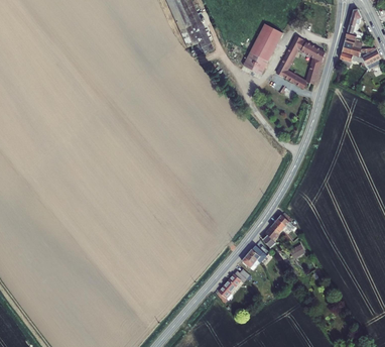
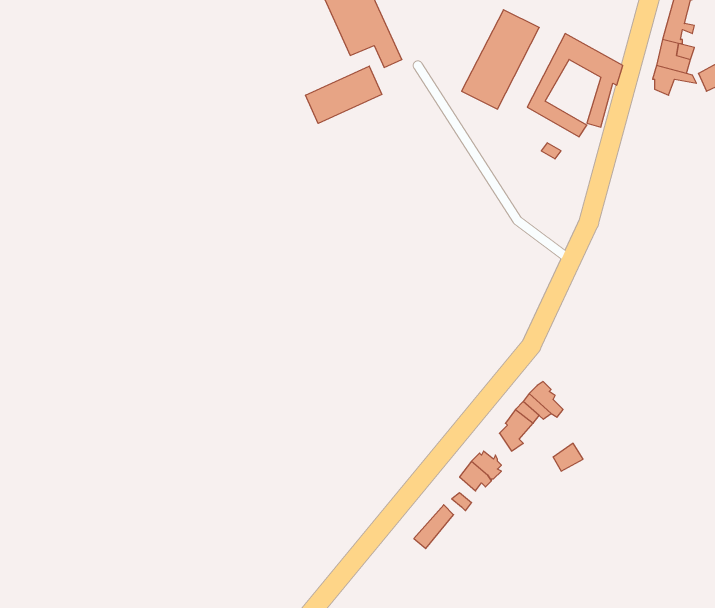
building: none -> [306,66,382,123]

